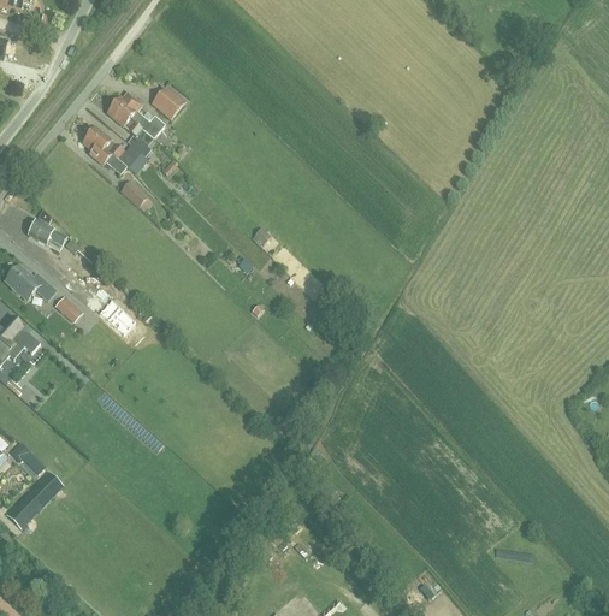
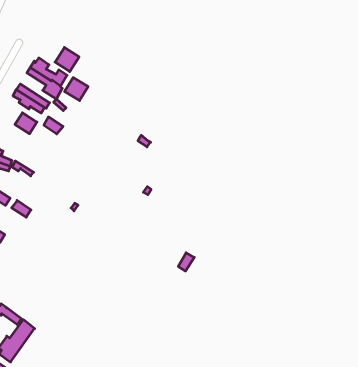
building: none -> [65,78,88,101]
building: none -> [15,113,37,134]

